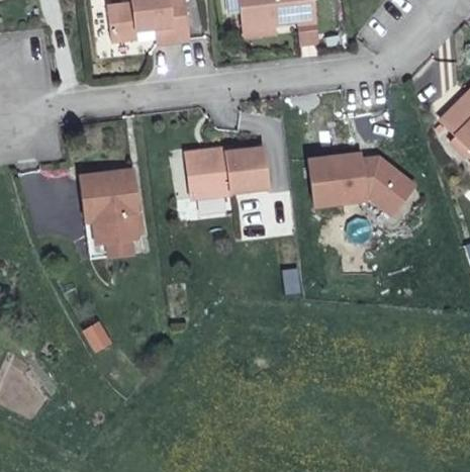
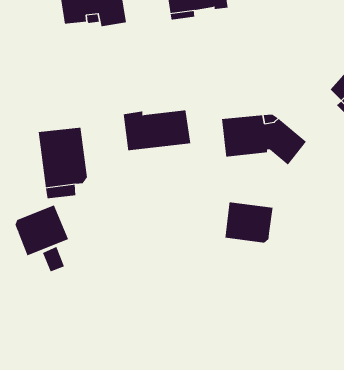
building: none -> [225,202,273,243]
building: none -> [15,204,69,256]

